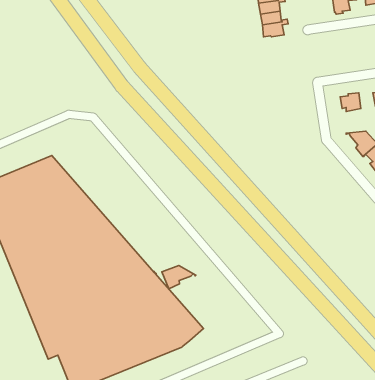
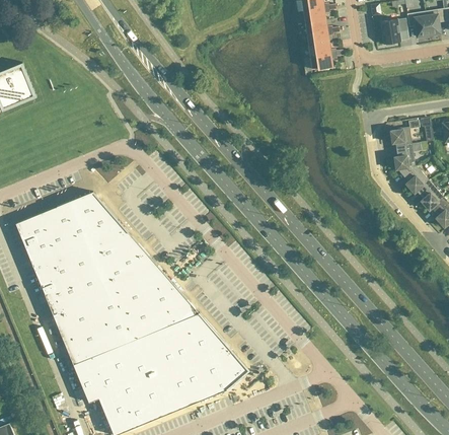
building: none -> [394,144,417,169]
building: [162,266,196,289] -> none

